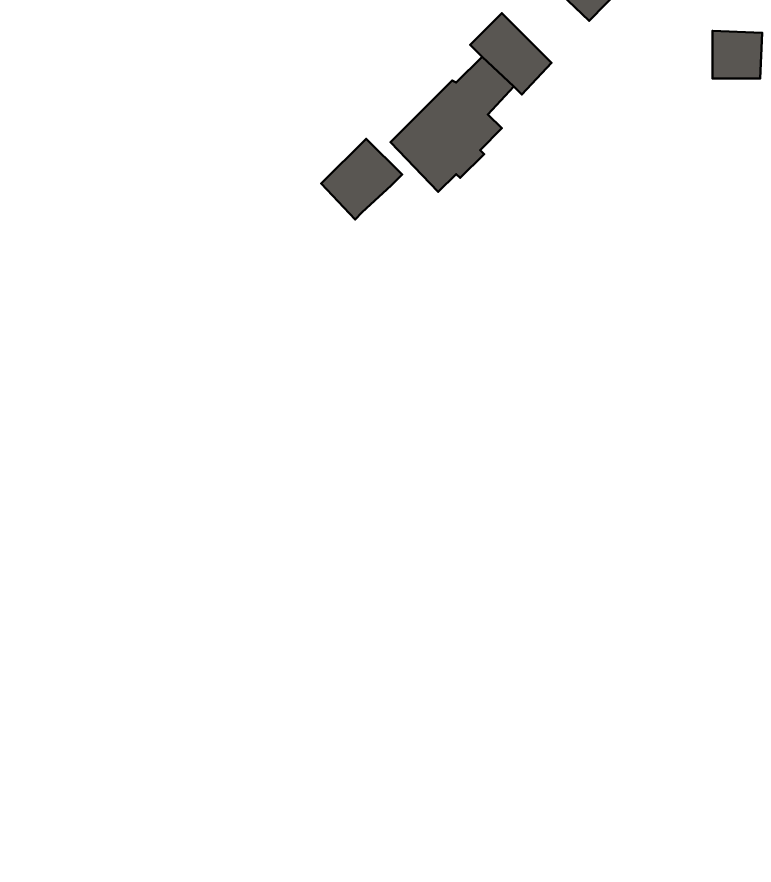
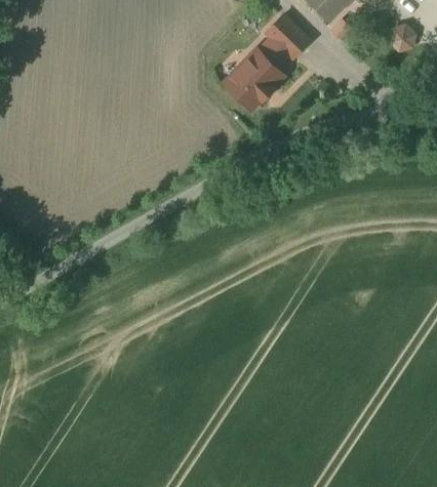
building: [321,139,402,219] -> none

